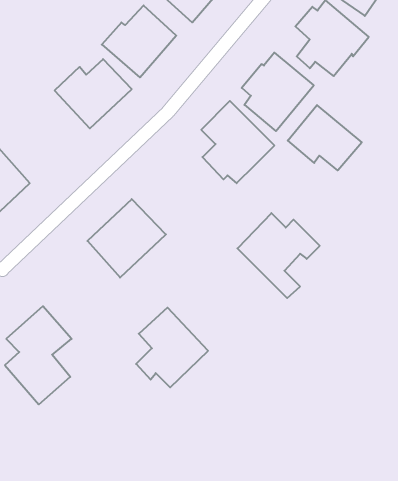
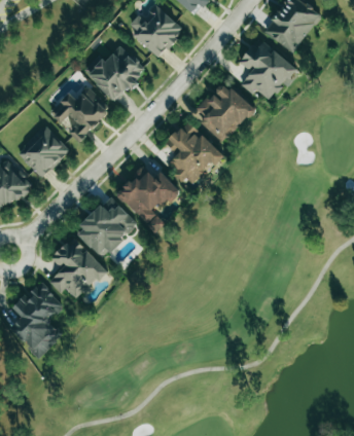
building: [288,105,362,170] -> none
building: none -> [17,125,70,178]
building: [237,213,320,298] -> [116,166,181,232]
building: [136,308,208,387] -> [49,237,106,299]

